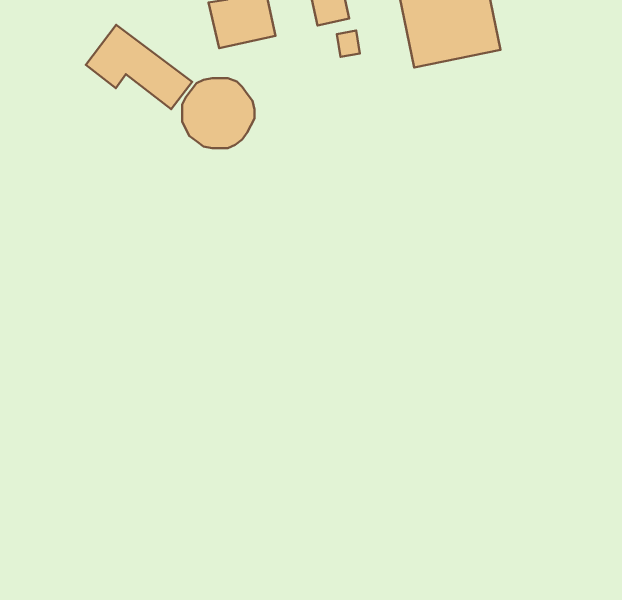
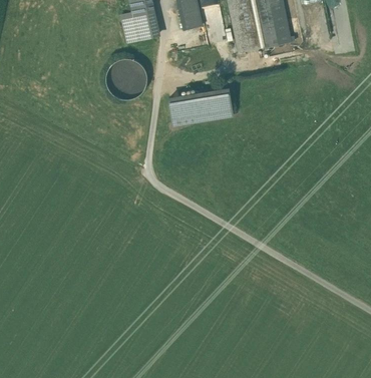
building: [86,25,192,109] -> none
building: none -> [169,89,233,122]

